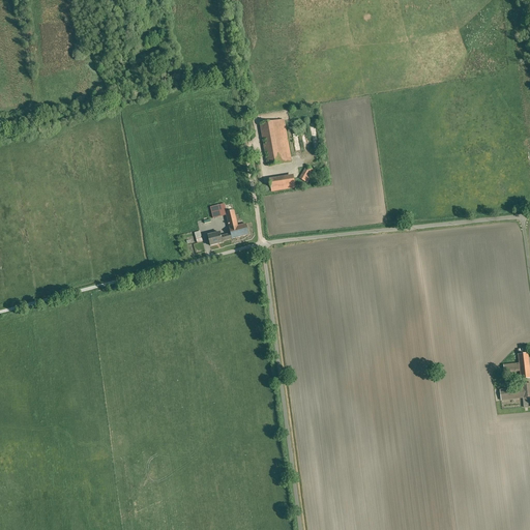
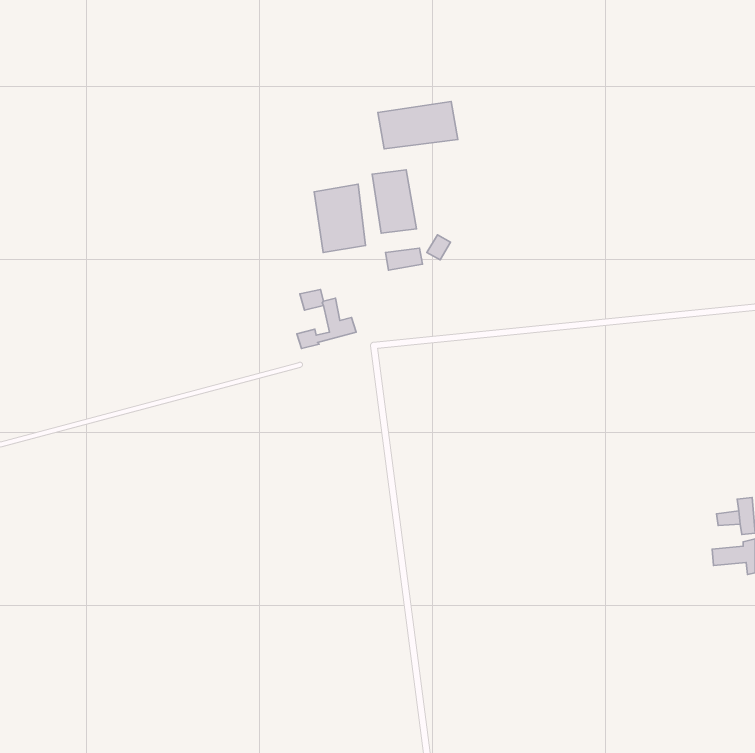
building: none -> [378,101,458,149]
building: none -> [314,184,366,253]

